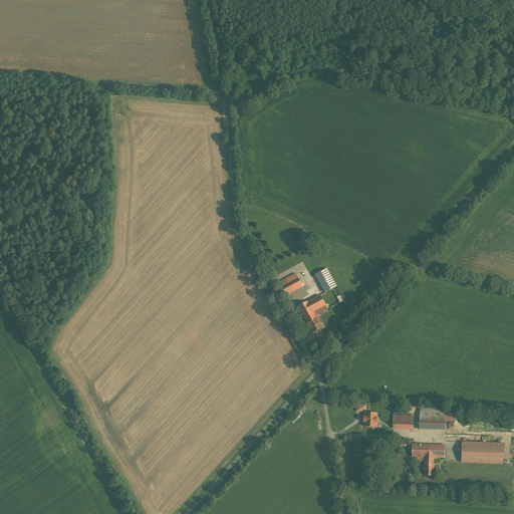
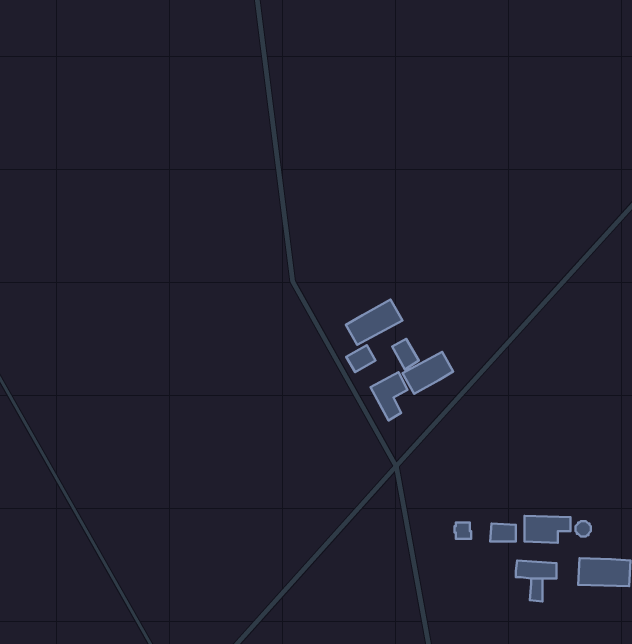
building: none -> [346,300,402,345]
building: none -> [402,352,453,394]

